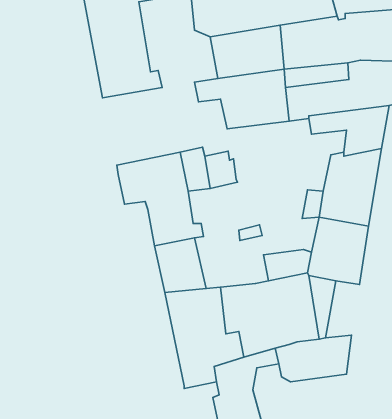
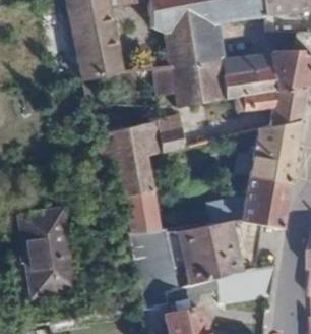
building: none -> [6,204,80,297]

